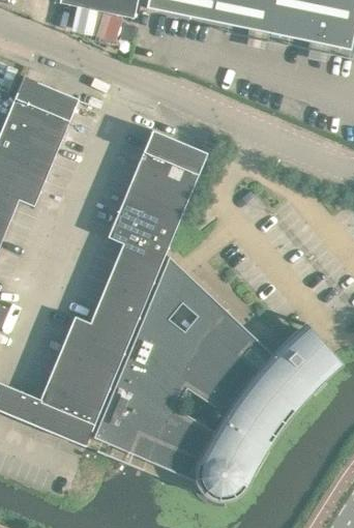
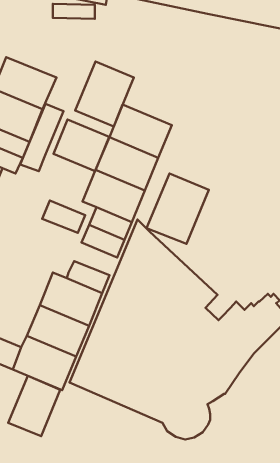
building: none -> [75,61,134,127]
building: none -> [20,104,63,171]
building: none -> [54,120,109,171]
building: none -> [146,174,209,244]
building: [98,282,146,318] -> [42,200,85,233]
building: none -> [8,376,60,436]

